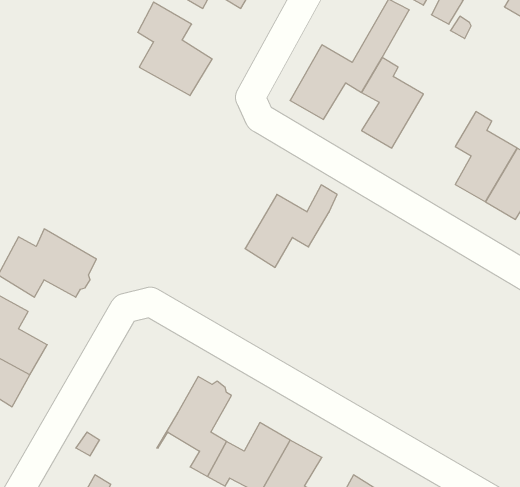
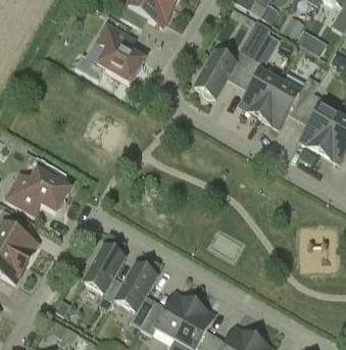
building: [245,185,337,267] -> [259,74,318,128]
building: none -> [83,244,125,308]

